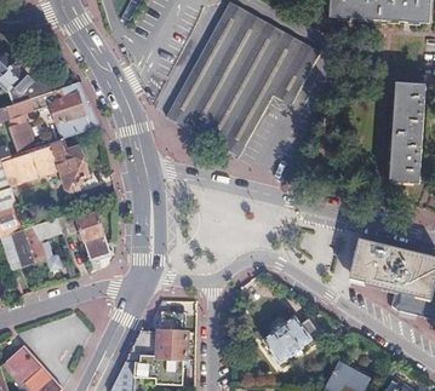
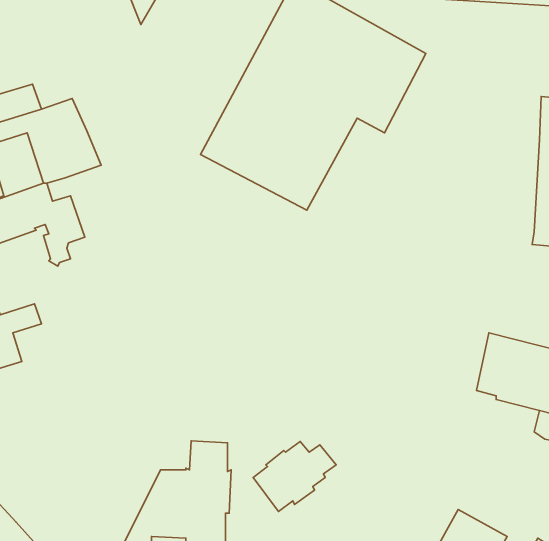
building: [55,212,109,260] -> none
building: [262,316,317,363] -> [253,441,336,512]

